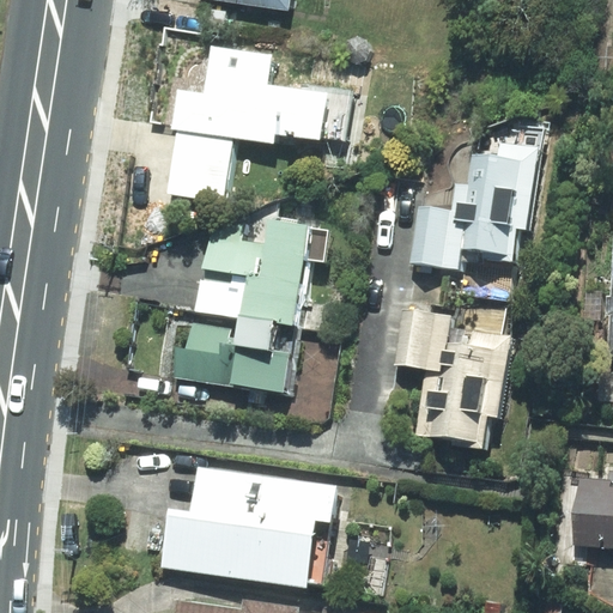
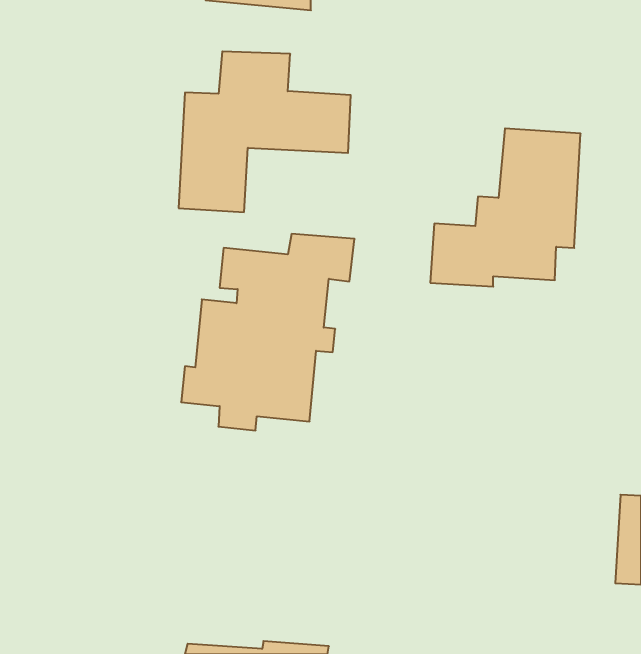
building: [390,304,511,448] -> none
building: [162,466,345,588] -> none

